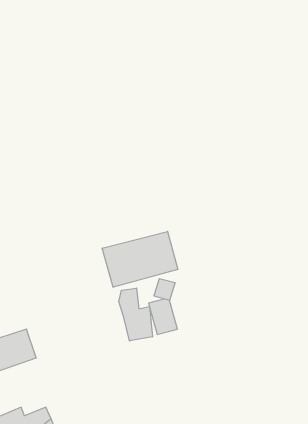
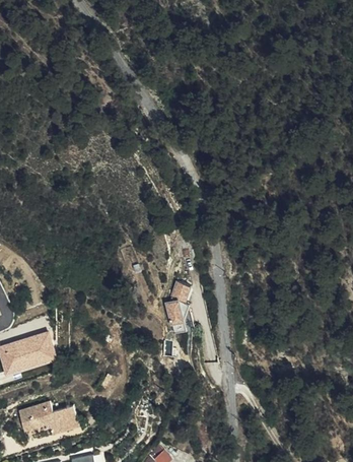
building: [102,231,178,287] -> none
building: [119,288,152,341] -> none

